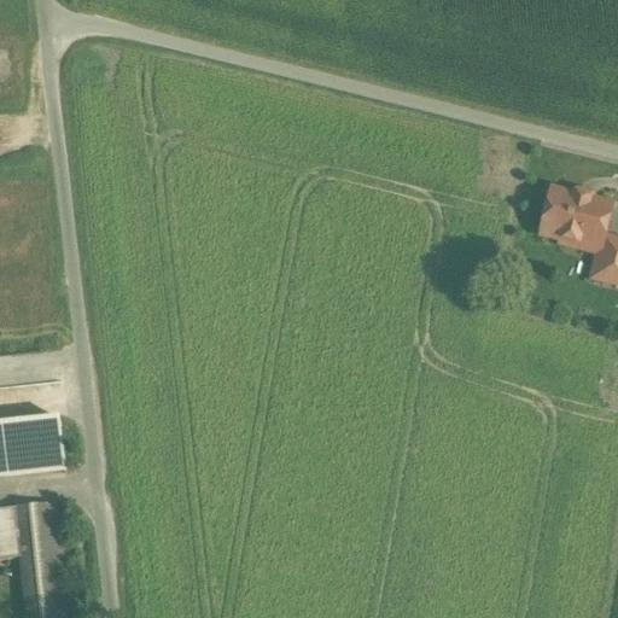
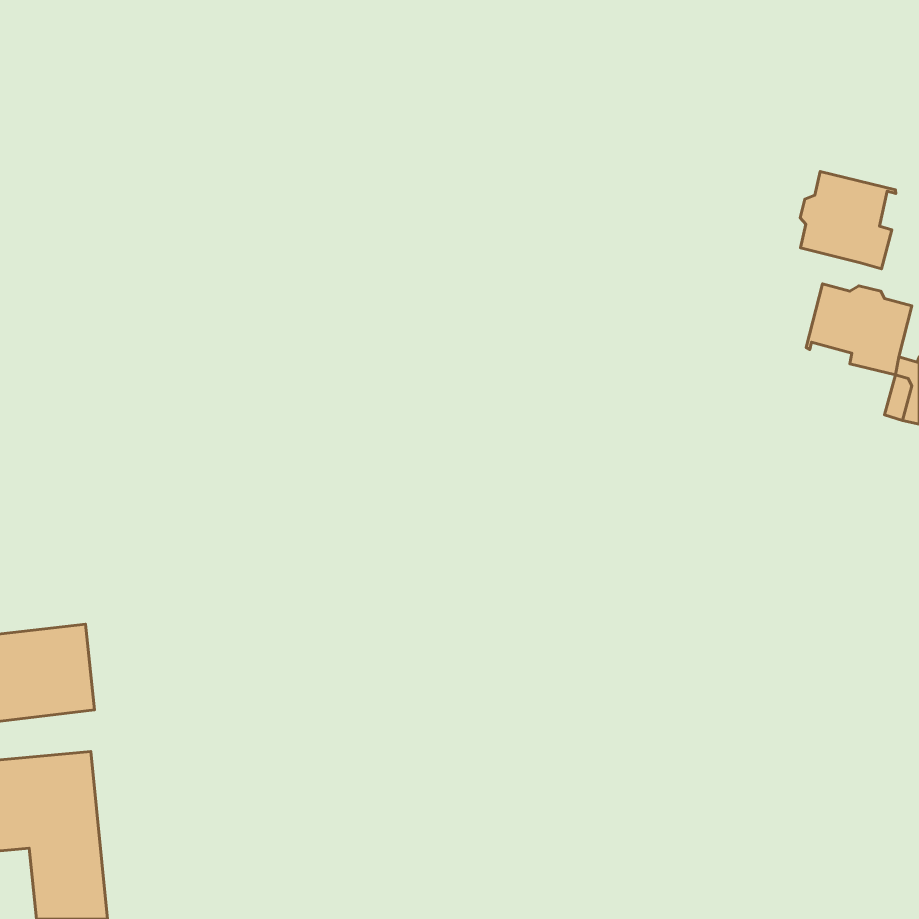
building: none -> [800,171,896,269]

